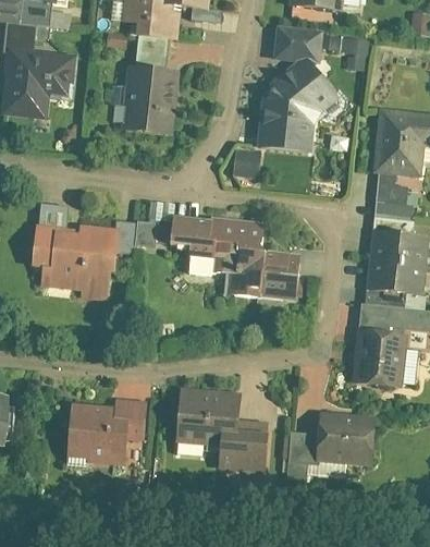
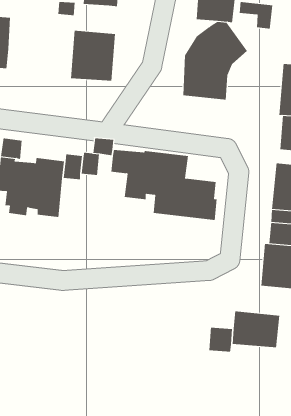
building: [135,39,169,71] -> none
building: [48,56,74,95] -> none
building: [232,151,260,178] -> none
building: [176,389,268,464] -> none
building: [66,397,146,460] -> none

